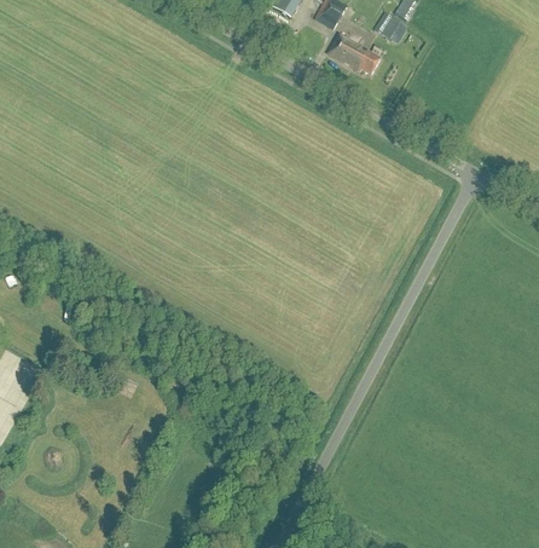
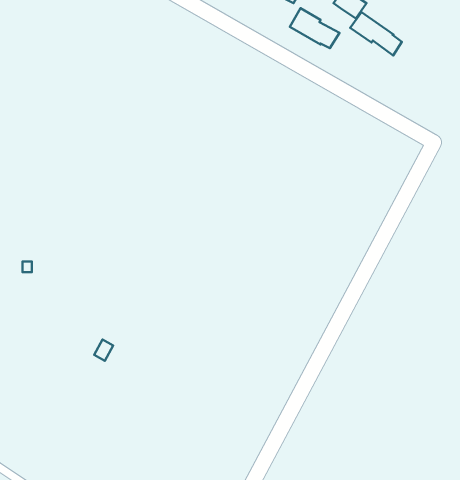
building: none -> [350,12,402,55]

